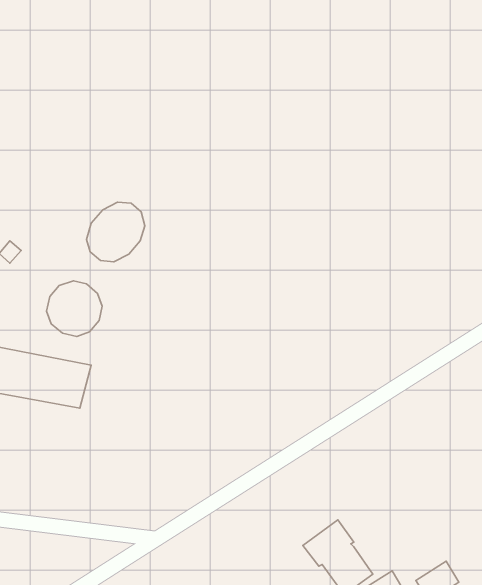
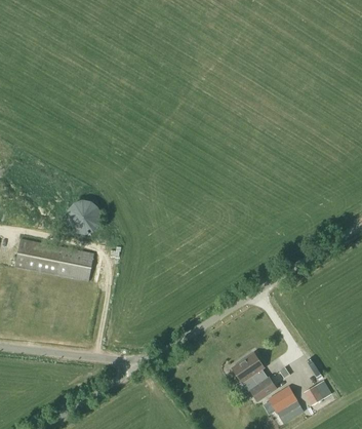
building: [87,202,145,262] -> none

